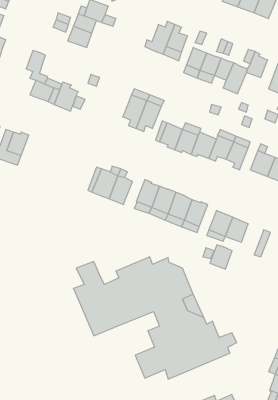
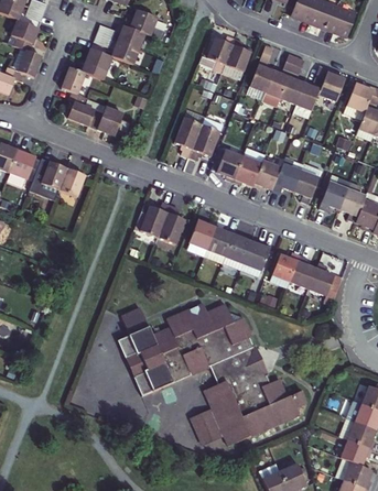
building: none -> [78,50,111,79]
building: none -> [58,165,85,195]
building: [210,245,232,269] -> [310,266,335,294]

